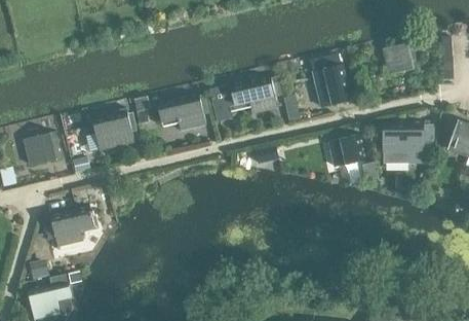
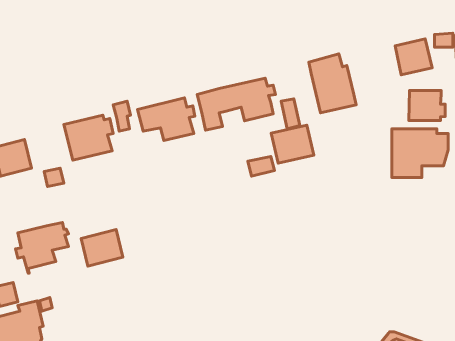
building: none -> [409,90,445,121]
building: [327,134,365,168] -> [271,125,314,163]
building: none -> [81,229,123,266]

